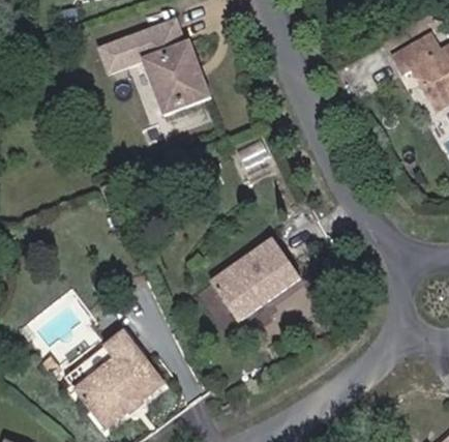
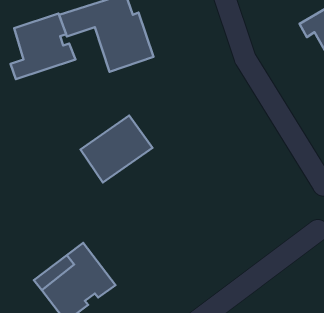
building: none -> [10,14,75,79]
building: [211,239,301,323] -> [81,116,152,182]

